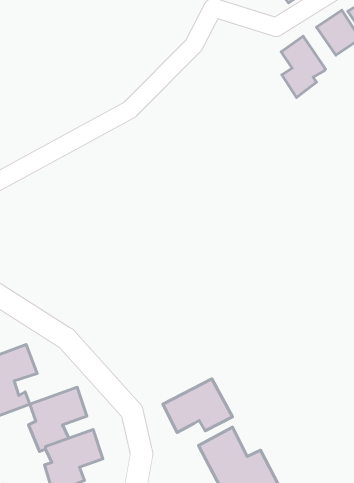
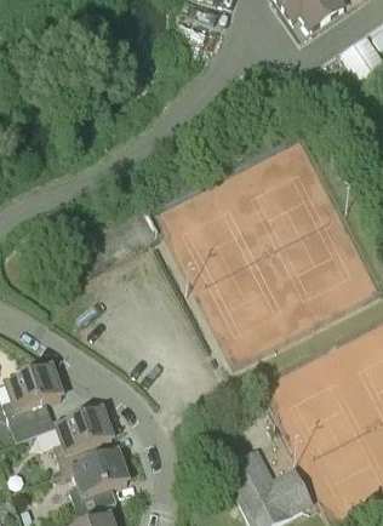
building: [281,36,325,97] -> none
building: [163,379,233,433] -> none

